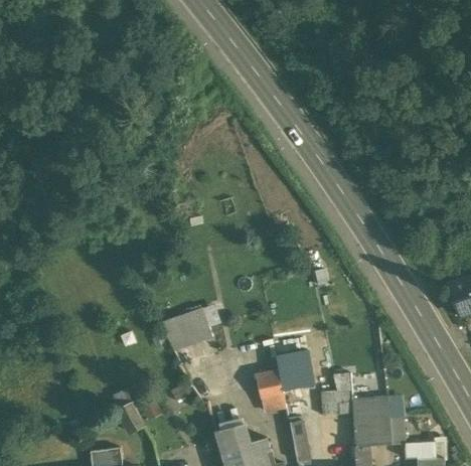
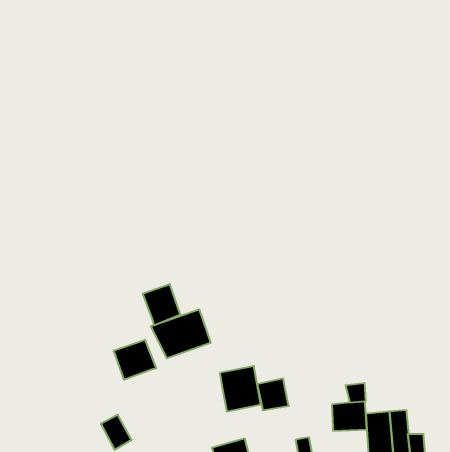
building: none -> [143,284,180,325]
building: none -> [114,340,156,380]
building: [277,350,313,391] -> [220,366,261,411]

